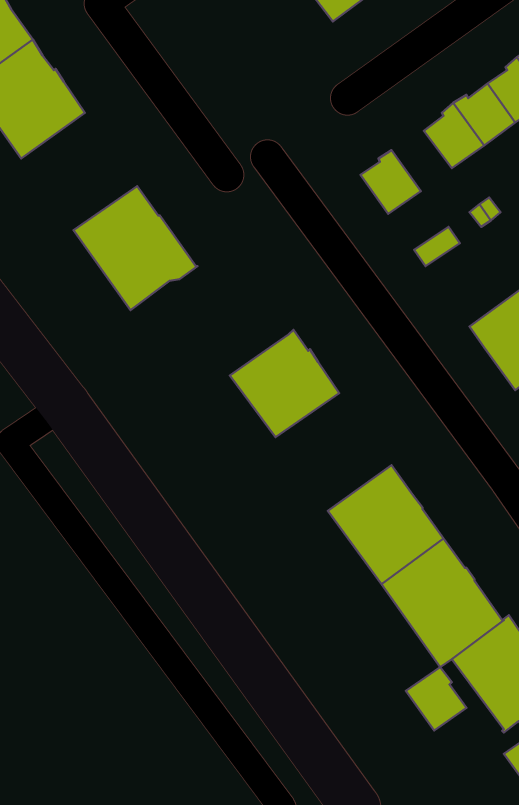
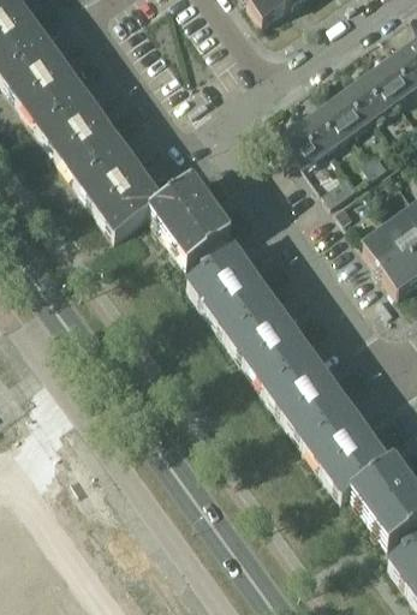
building: none -> [36,86,121,173]
building: none -> [309,100,353,144]
building: none -> [153,178,233,265]
building: none -> [224,293,309,380]
building: [406,667,467,731] -> none

